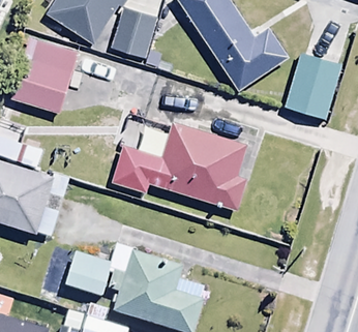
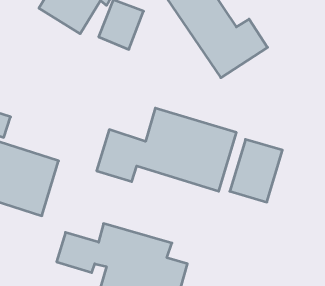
building: [10,35,77,112] -> none
building: [285,51,340,117] -> [230,139,282,202]

